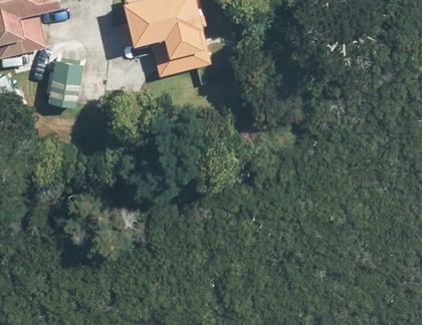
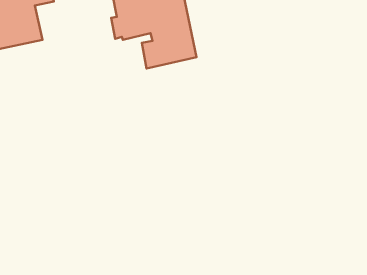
building: [50,61,82,107] -> none

